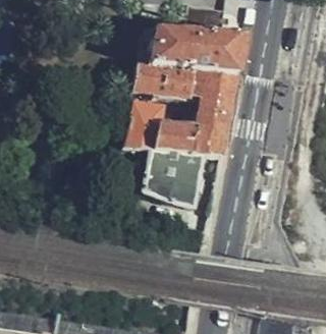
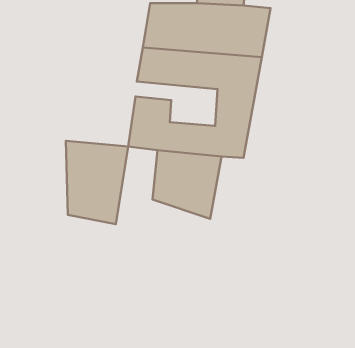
building: none -> [66,141,128,224]

